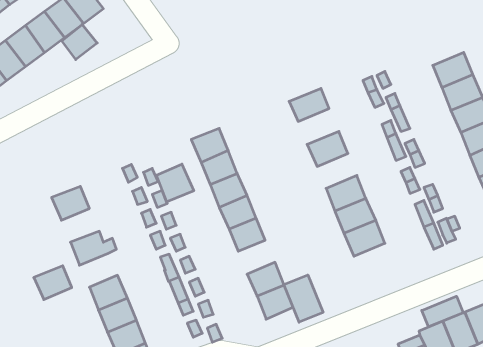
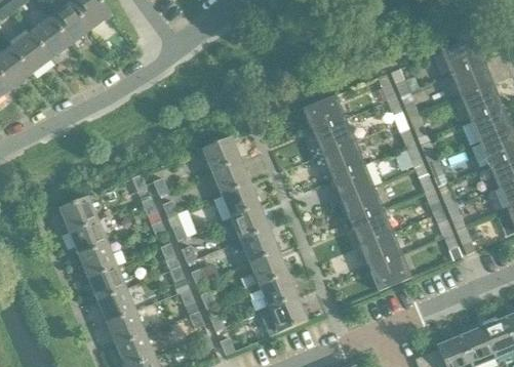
building: [62,24,97,60] -> none
building: none -> [441,37,482,72]
building: none -> [312,116,354,153]
building: none -> [331,162,372,198]
building: [156,164,194,202] -> none
building: none -> [69,218,108,253]
building: none -> [250,251,288,286]
building: none -> [369,254,410,290]
building: [34,266,72,300] -> [87,264,126,299]
building: [284,275,323,322] -> none
building: [422,296,463,327] -> none

